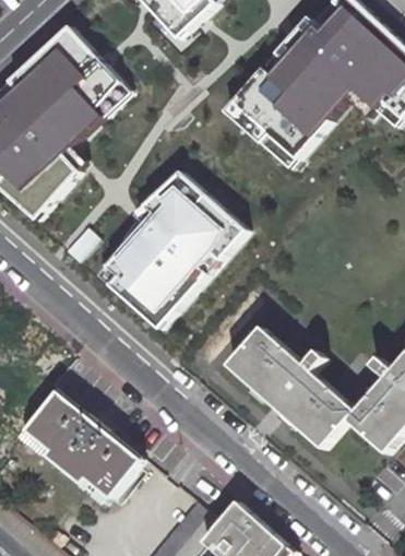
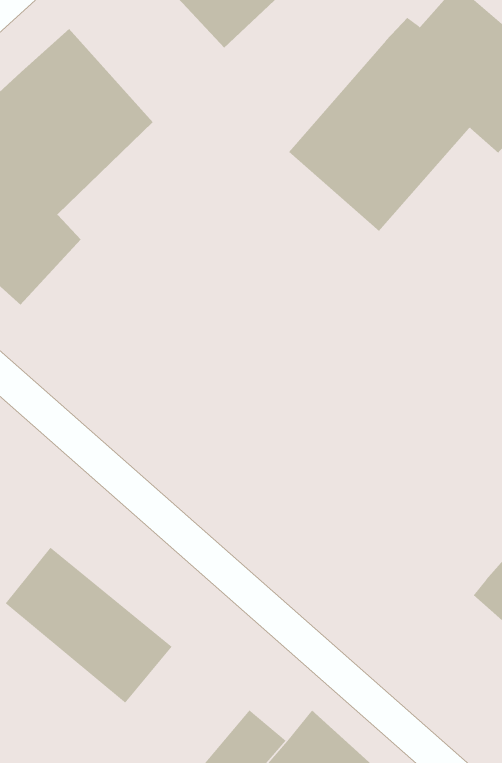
building: [106,175,242,329] -> none
building: [227,327,357,448] -> none

